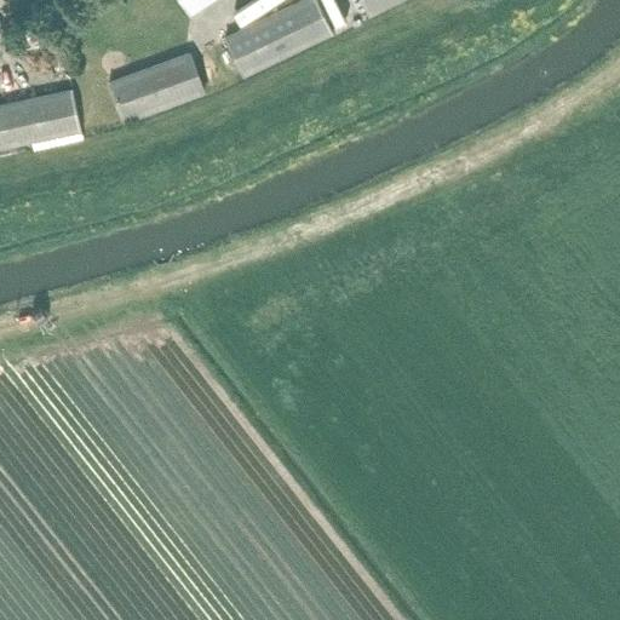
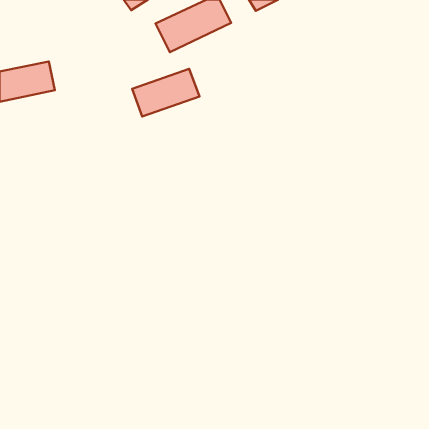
building: [107,52,203,121] -> [132,69,199,117]

